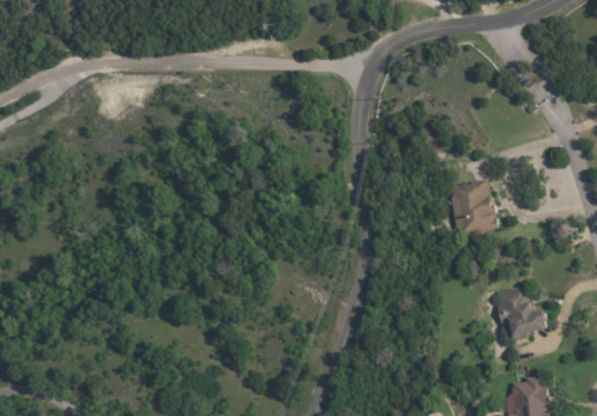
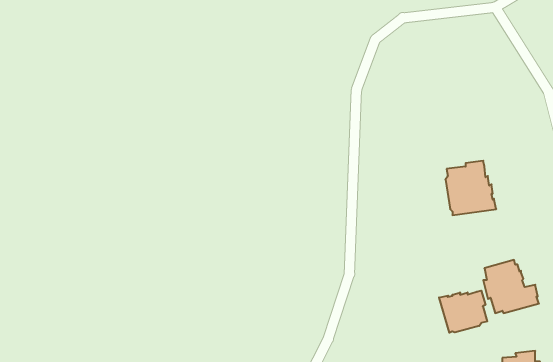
building: none -> [439,291,487,333]

